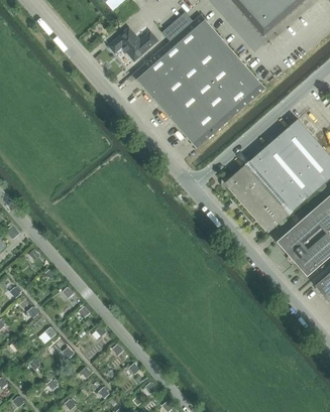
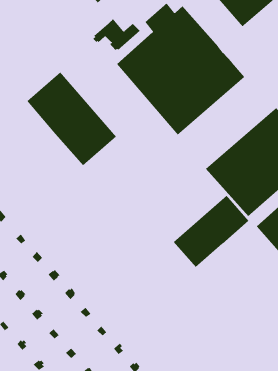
building: none -> [26,72,117,166]
building: none -> [173,195,249,268]

